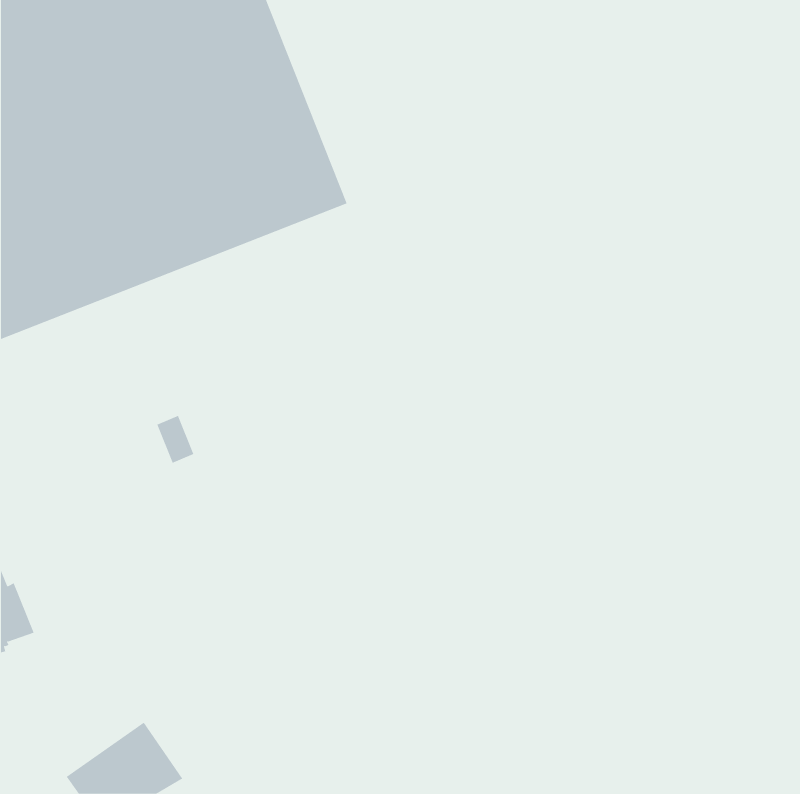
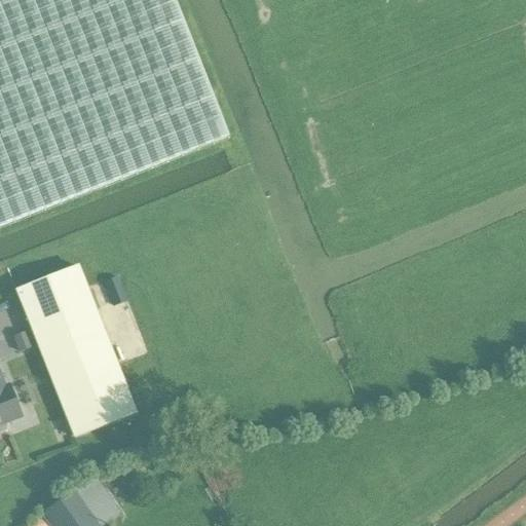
building: none -> [16,264,137,436]

